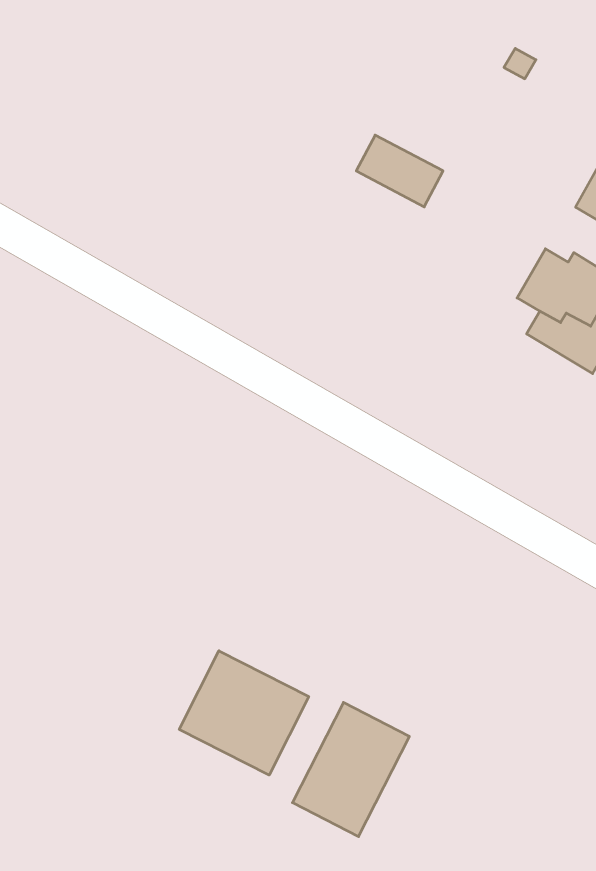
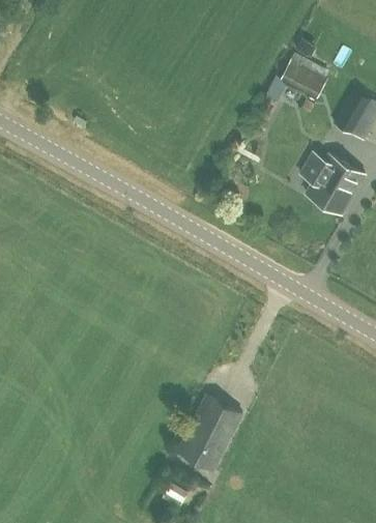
building: [356,135,443,207] -> [280,60,327,99]
building: [179,651,309,775] -> none

